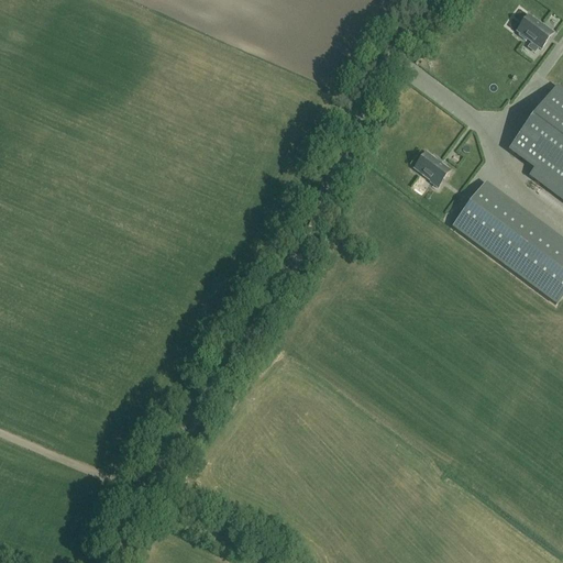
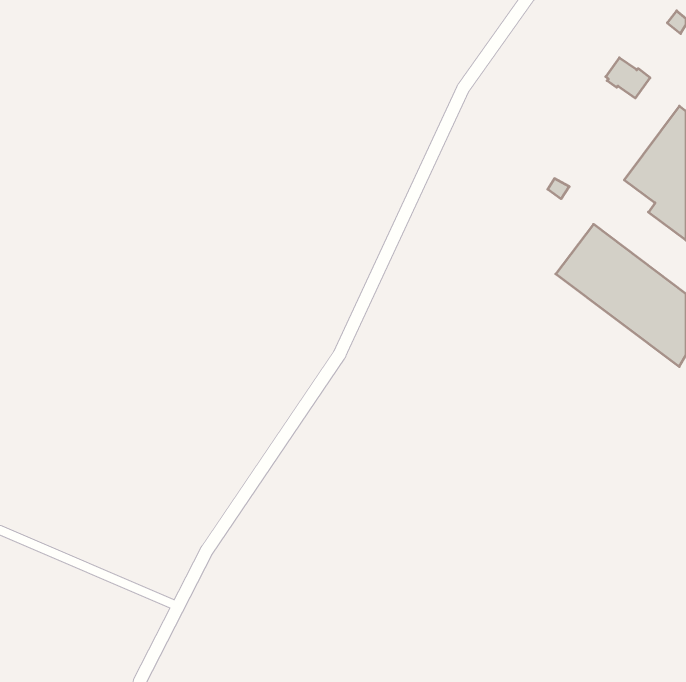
building: [516,13,552,46] -> [606,58,650,98]
building: [415,152,451,187] -> none

